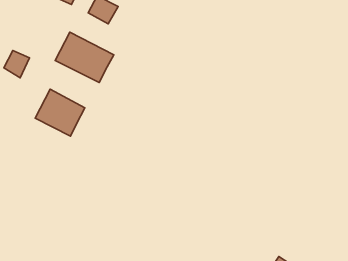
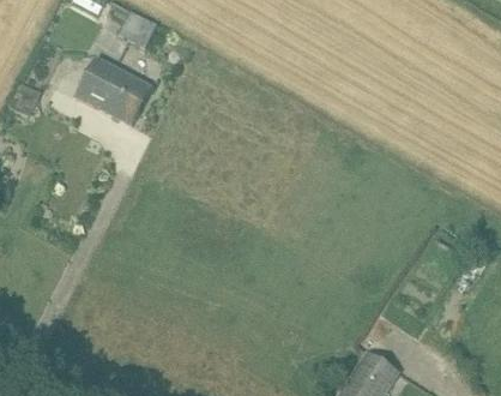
building: [35,89,85,136] -> none

